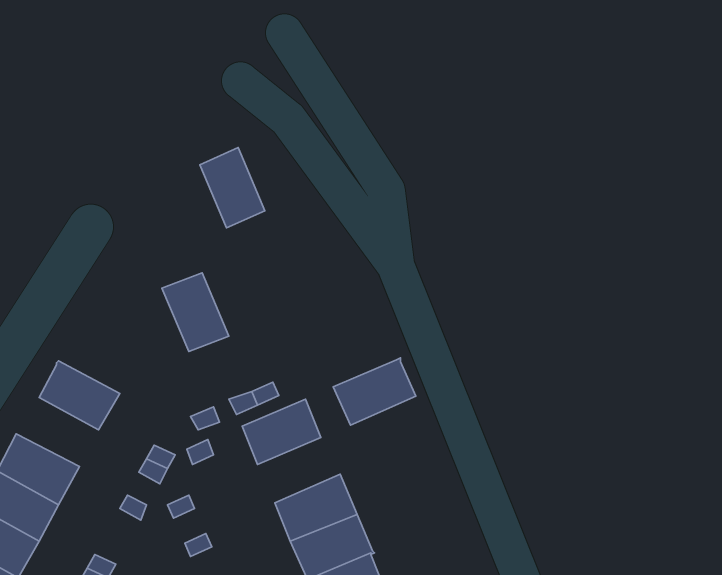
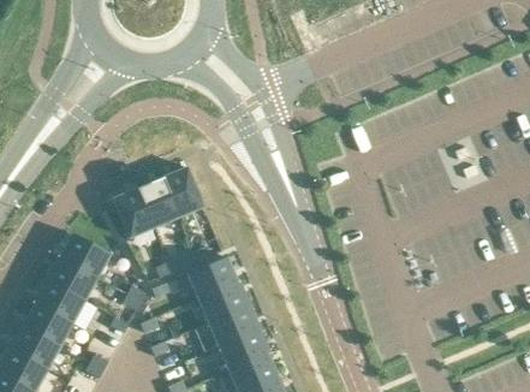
building: [200,147,265,228] -> [162,166,203,216]
building: none -> [112,186,154,237]
building: [333,358,416,425] -> [197,279,249,321]
building: none -> [46,254,97,298]

